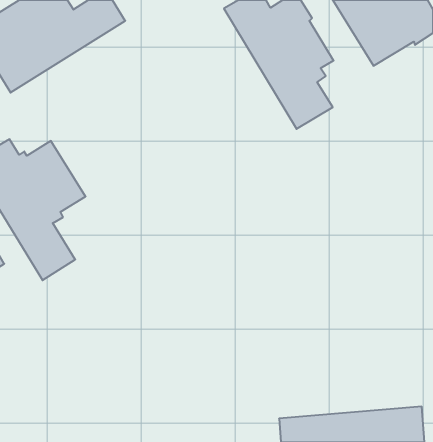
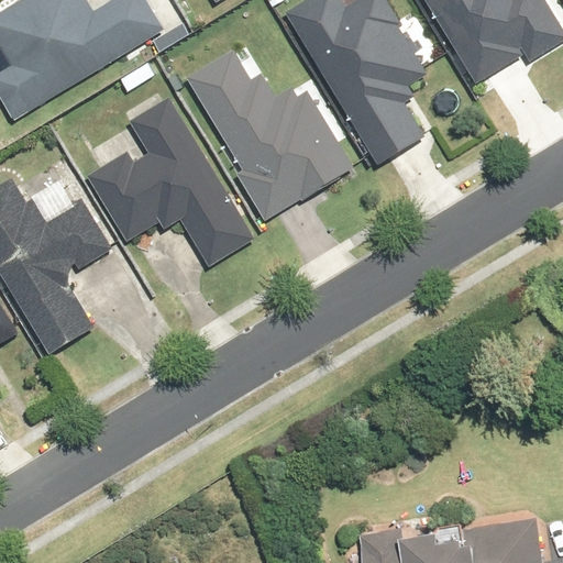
building: none -> [187,51,355,220]
building: none -> [87,98,254,268]

